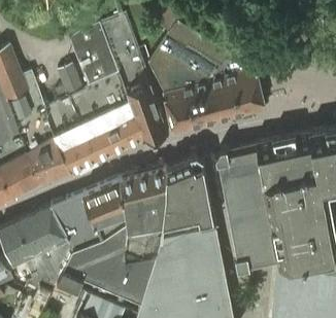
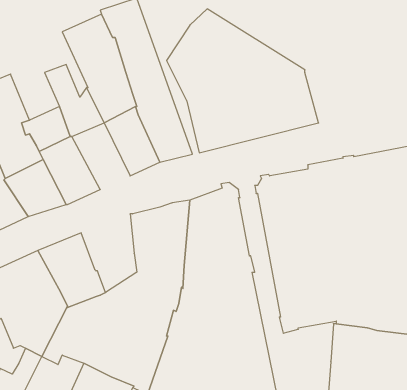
building: [76,112,121,163] -> none
building: [83,181,124,223] -> none

